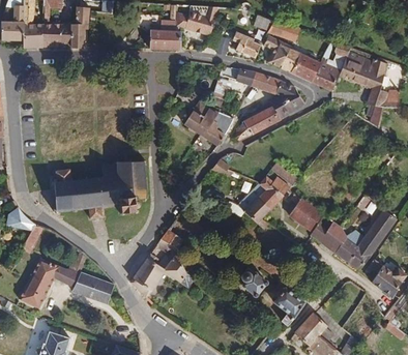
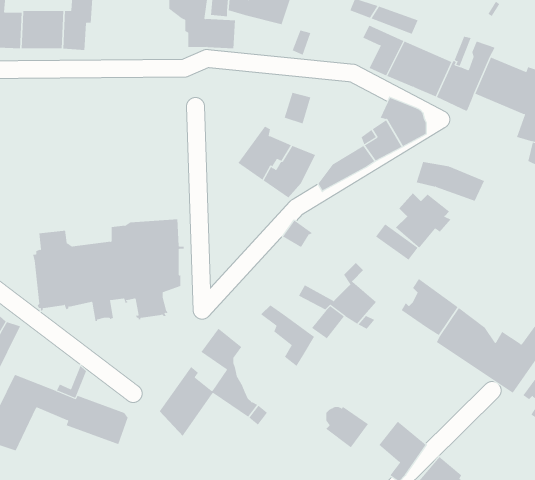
building: [233,29,263,55] -> none
building: [236,66,281,92] -> [416,162,485,202]
building: [257,175,293,211] -> [395,192,451,248]
building: none -> [260,305,315,367]

